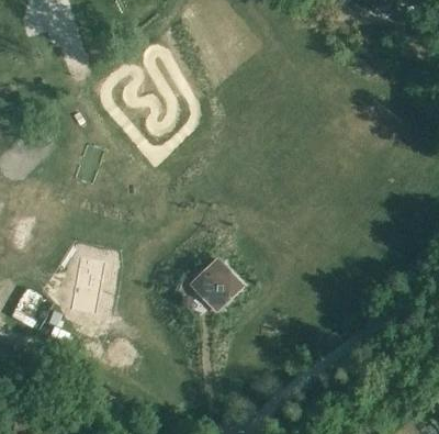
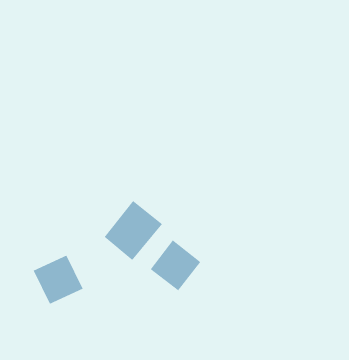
building: none -> [104,200,163,261]

